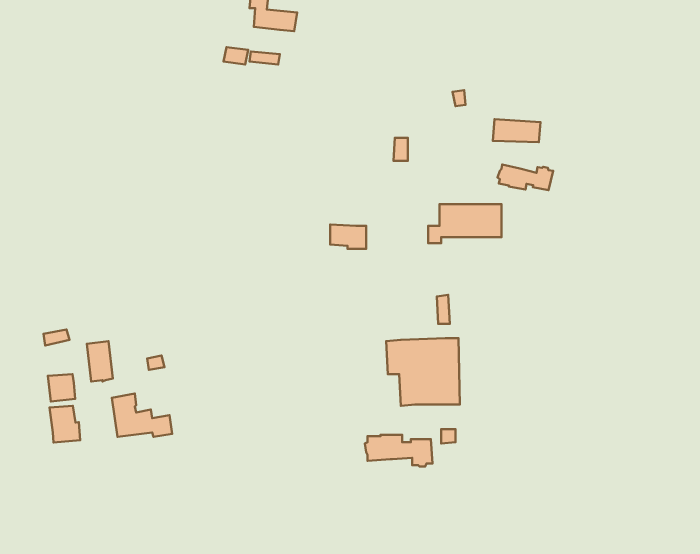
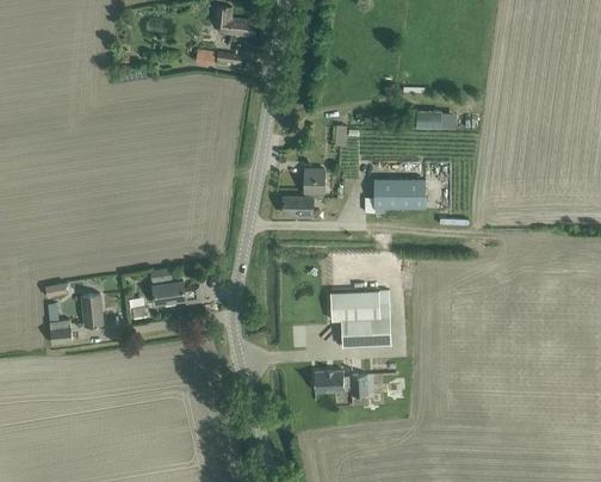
building: [498,164,553,190] -> none
building: none -> [304,169,323,198]
building: [112,394,172,437] -> [150,268,200,304]
building: [49,406,80,442] -> none

